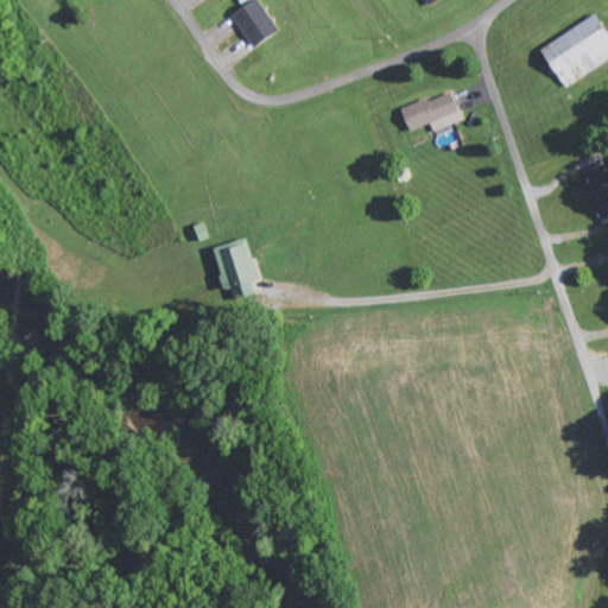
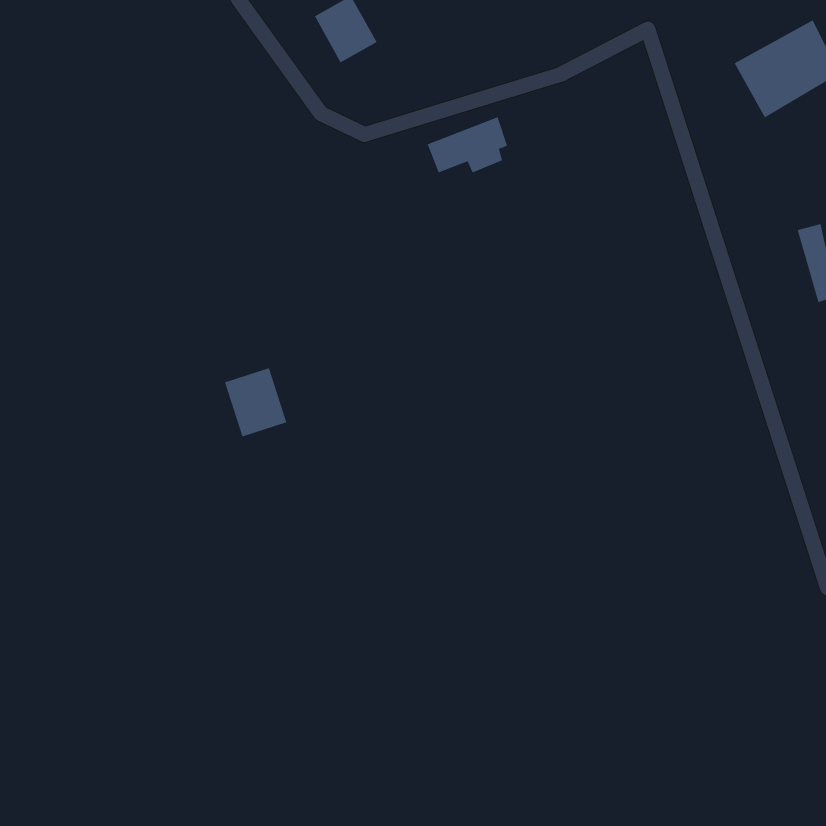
building: [400,89,460,131] -> [427,117,508,173]
building: [213,238,259,289] -> [224,368,287,437]

